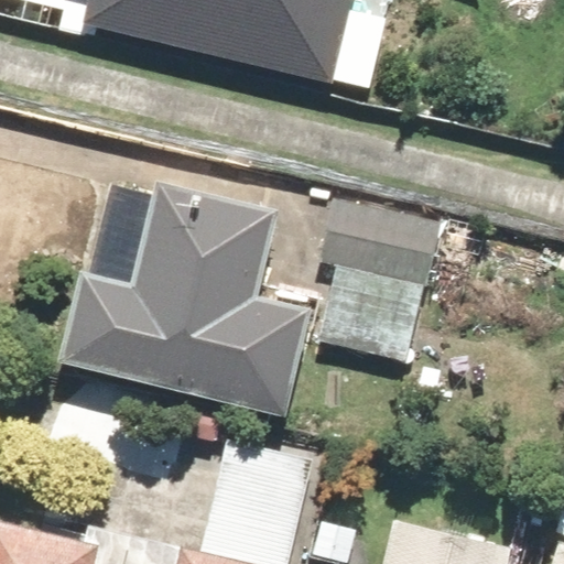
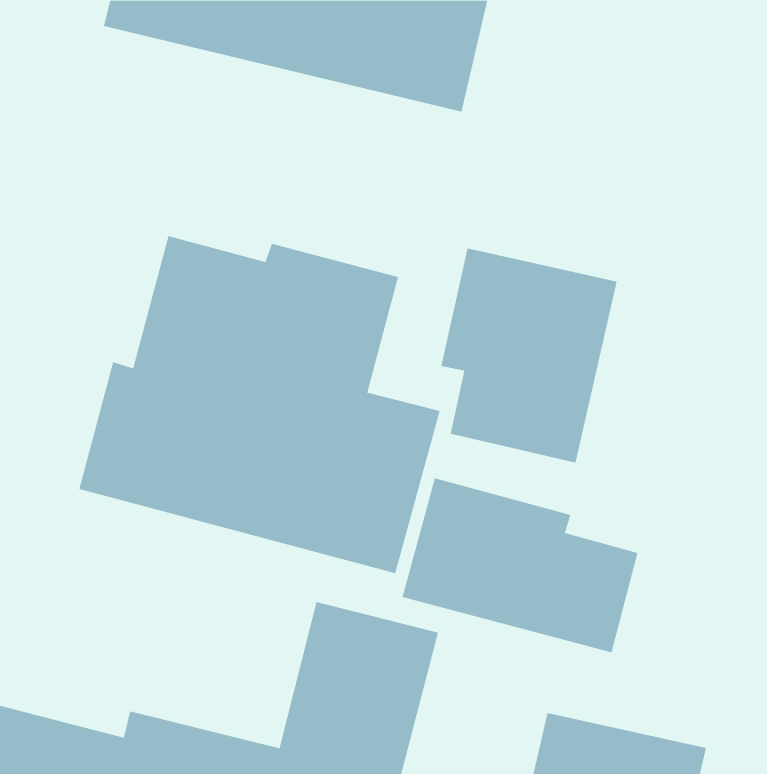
building: none -> [402,477,638,653]

